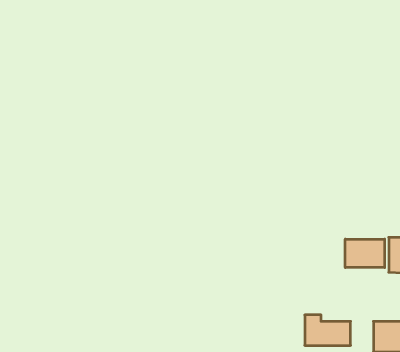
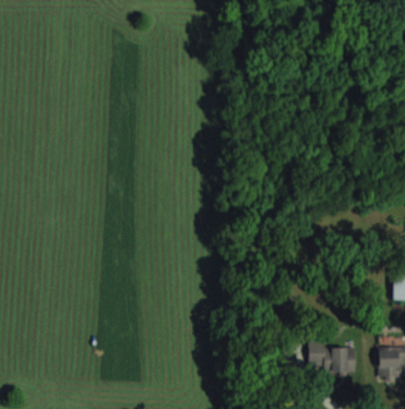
building: [345,239,385,268] -> none

